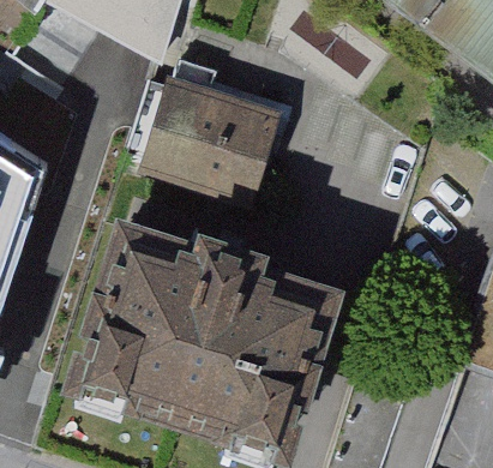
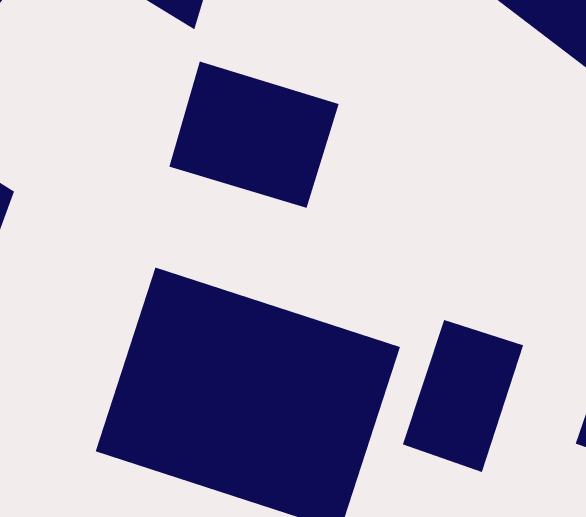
building: none -> [402,319,524,473]

